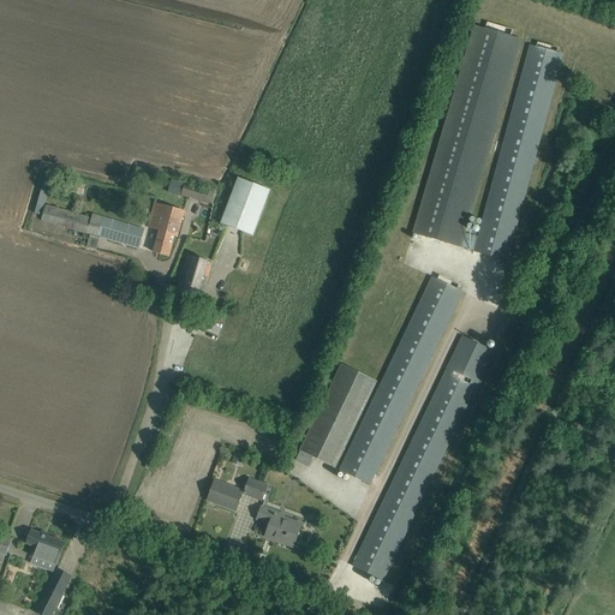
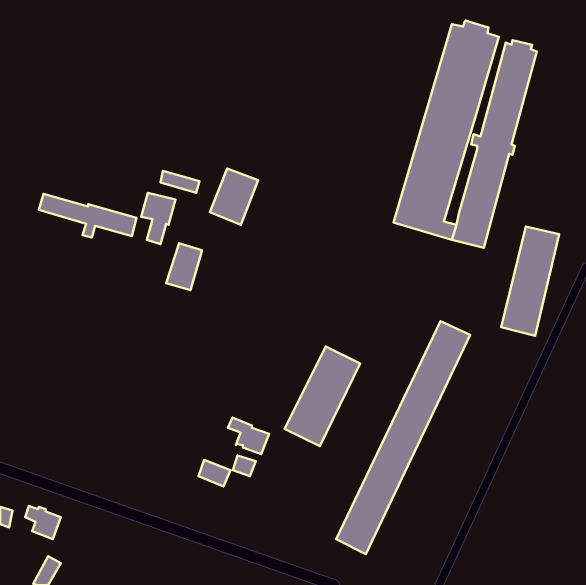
building: none -> [501,226,559,336]
building: [339,276,462,484] -> none
building: [257,507,300,545] -> [228,418,269,454]

